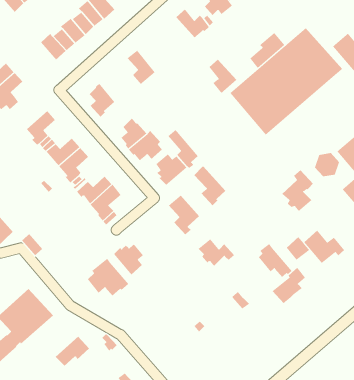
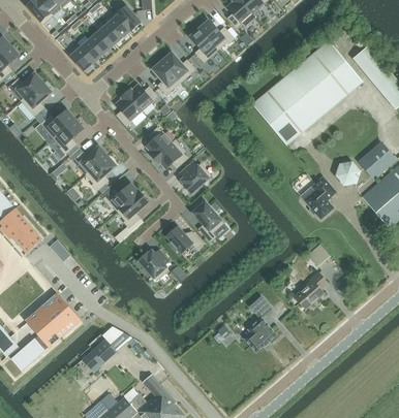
building: [250,32,285,69] -> none
building: none -> [162,53,195,82]
building: [208,59,237,94] -> [190,28,218,62]
building: none -> [125,84,157,110]
building: none -> [37,109,74,137]
building: [168,129,199,169] -> none
building: [193,166,226,206] -> none
building: [303,230,345,264] -> none
building: [198,238,235,267] -> [165,225,202,253]
building: [258,243,293,278] -> none
building: [87,258,129,296] -> none
building: none -> [244,316,276,351]

